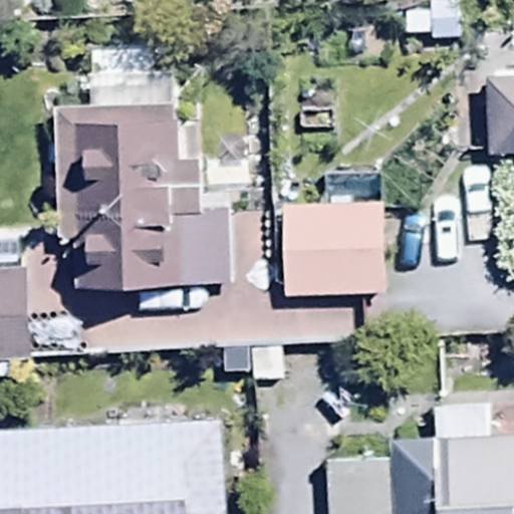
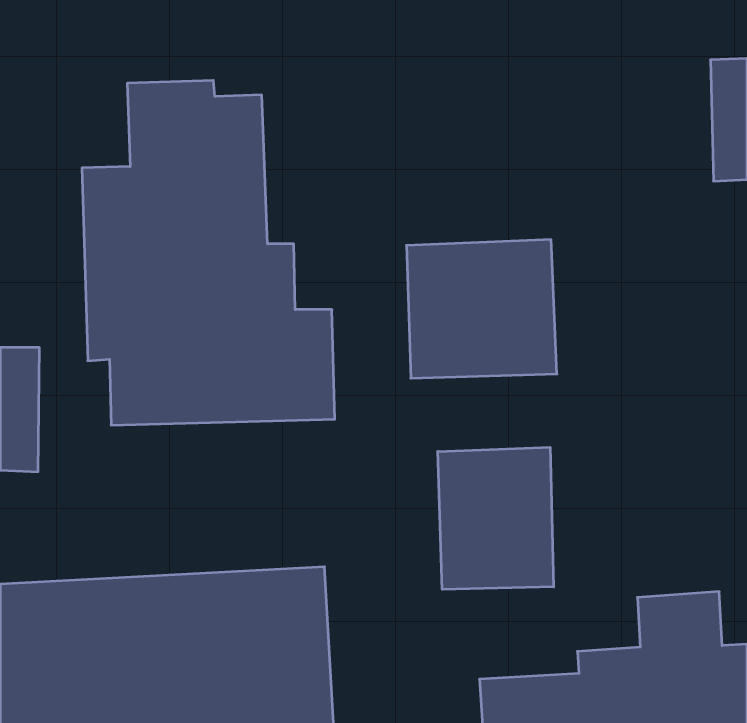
building: none -> [438,447,554,589]

